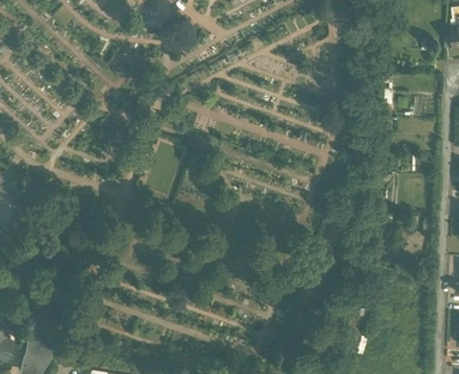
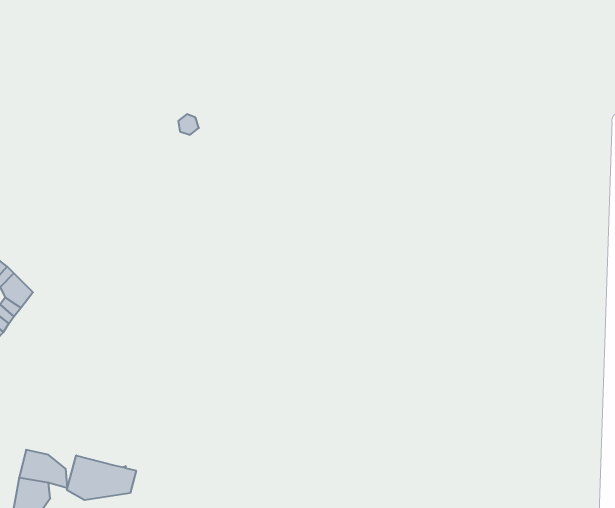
building: none -> [67,455,136,500]

